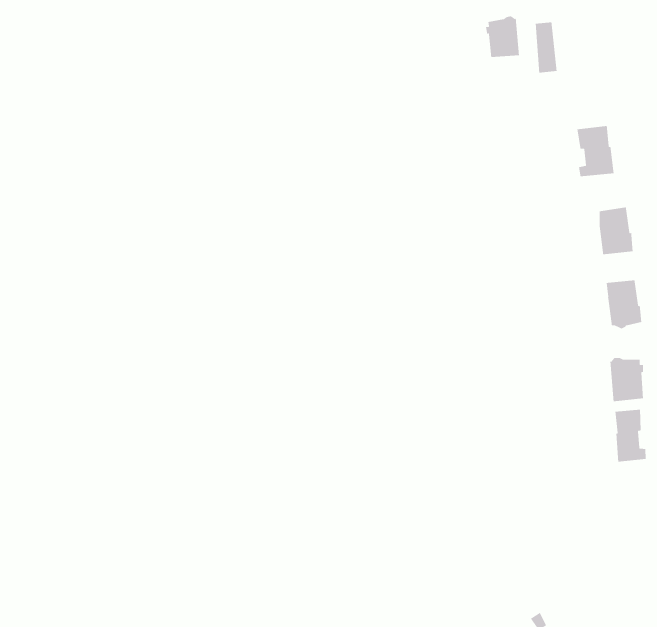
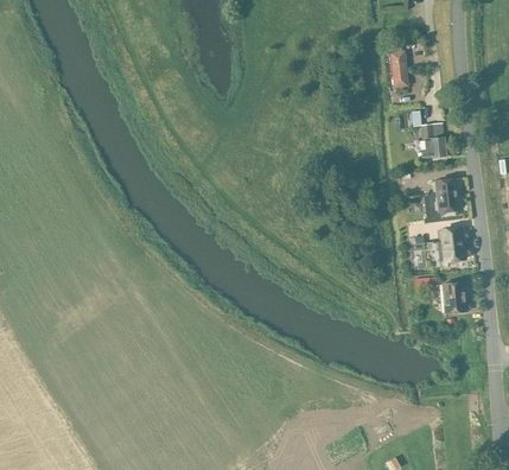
building: [485,16,520,58] -> none
building: [615,409,647,462] -> none

